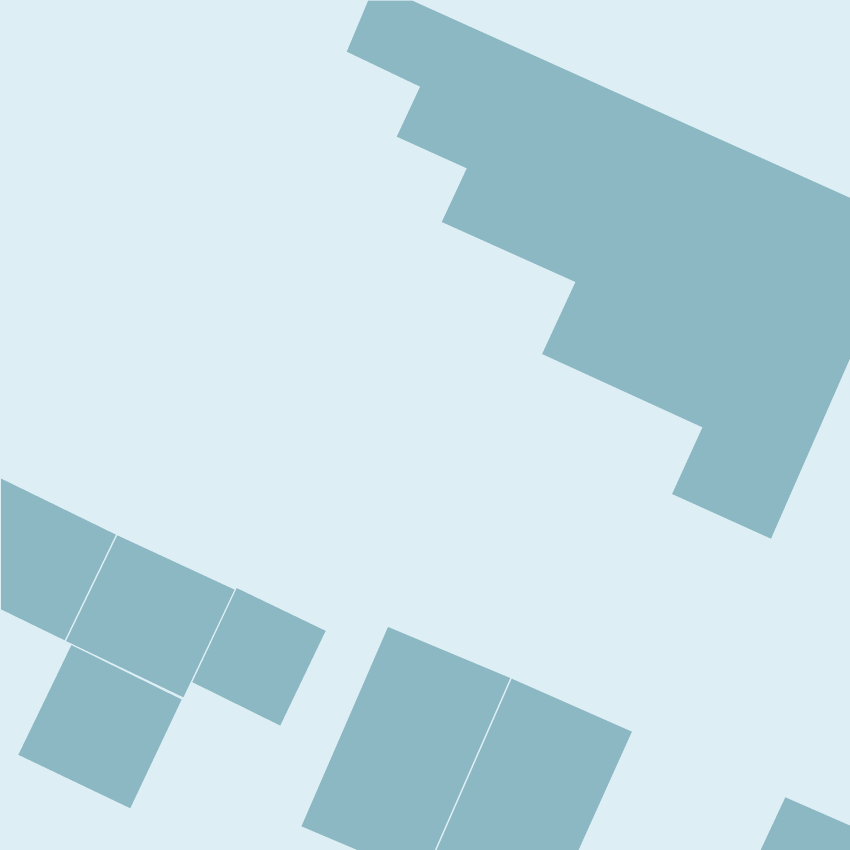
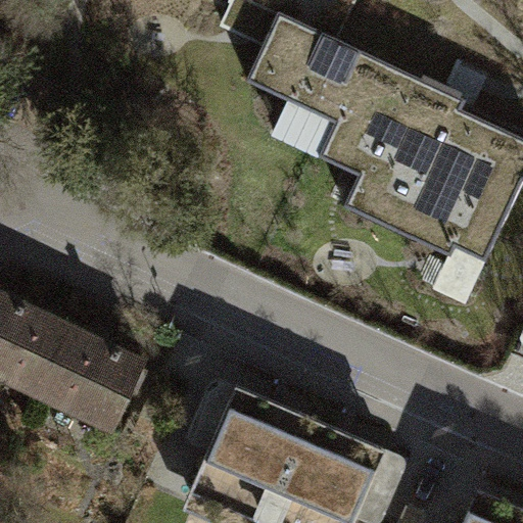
building: [191,587,327,727] -> none
building: [18,644,183,809] -> none

